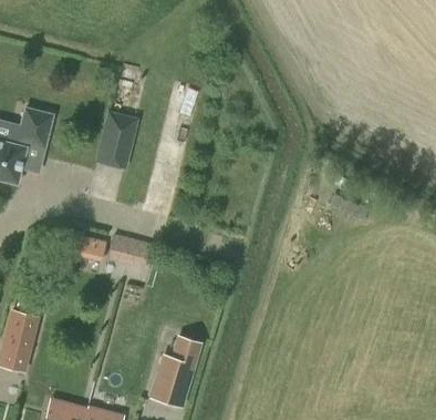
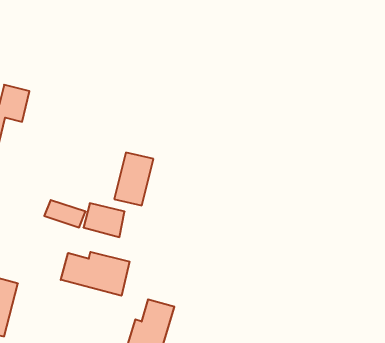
building: [96,113,137,168] -> [114,153,153,205]
building: none -> [61,252,130,296]

